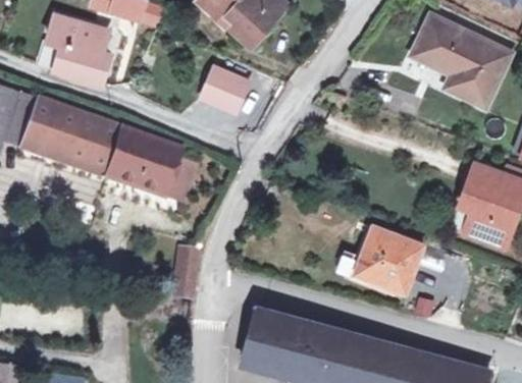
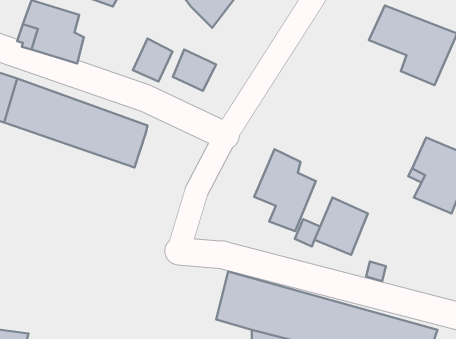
building: none -> [133,38,173,81]
building: [161,157,195,202] -> none
building: none -> [254,149,316,231]
building: [175,250,200,296] -> none

